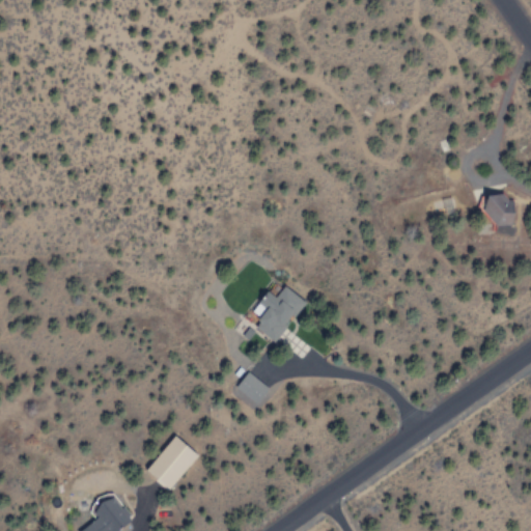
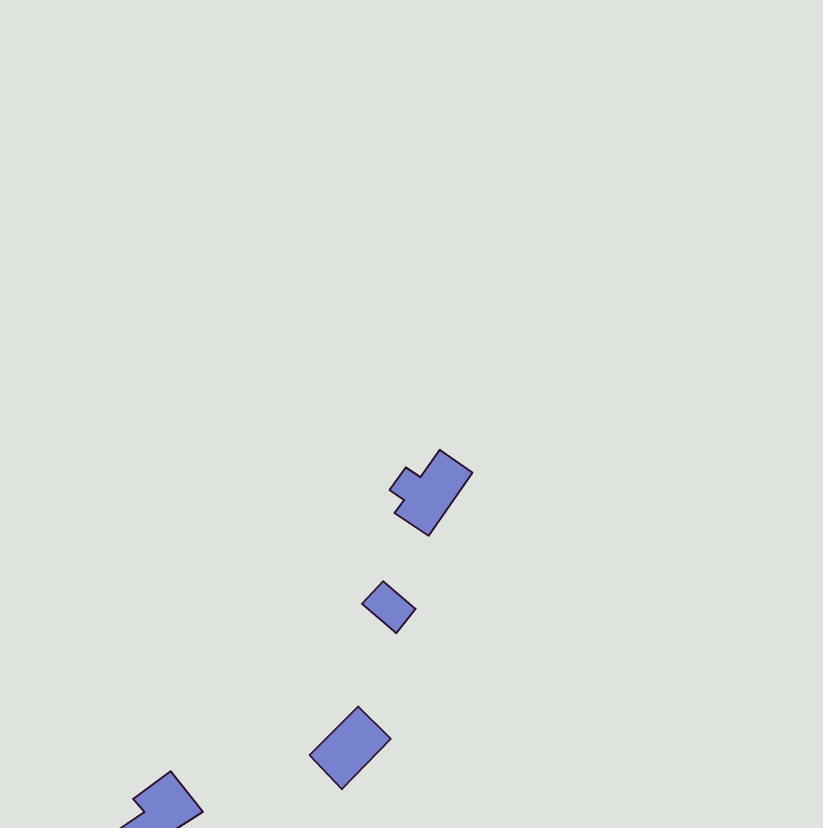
building: [483,195,519,228] -> none
building: [147,437,199,490] -> [310,706,391,789]

